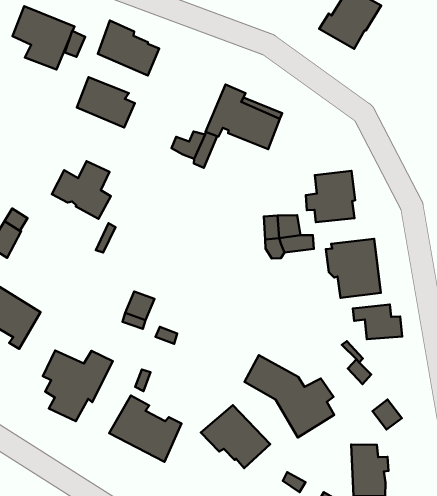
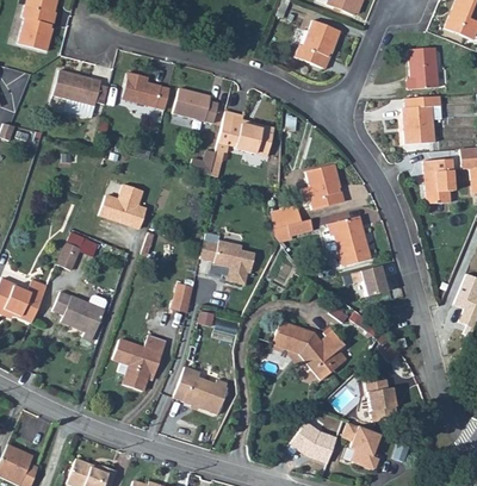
building: [77,77,135,127] -> [172,87,217,123]
building: none -> [199,239,250,282]
building: [201,405,270,468] -> none

